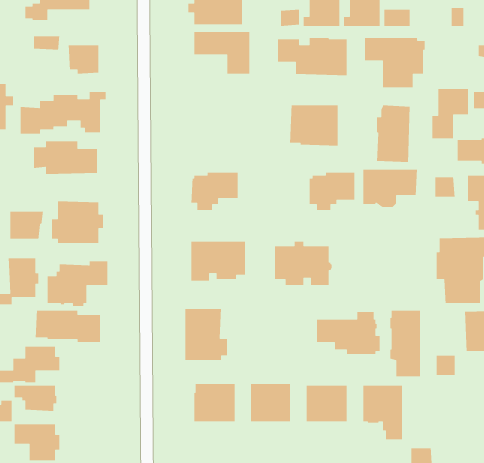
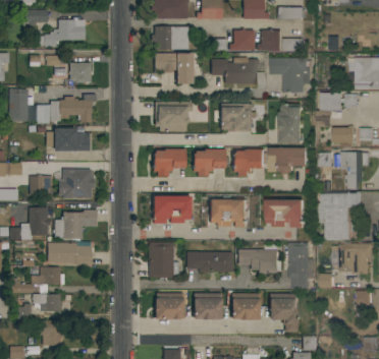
building: none -> [155,102,192,131]
building: none -> [194,149,225,176]
building: none -> [267,199,306,227]
building: none -> [192,252,233,273]

